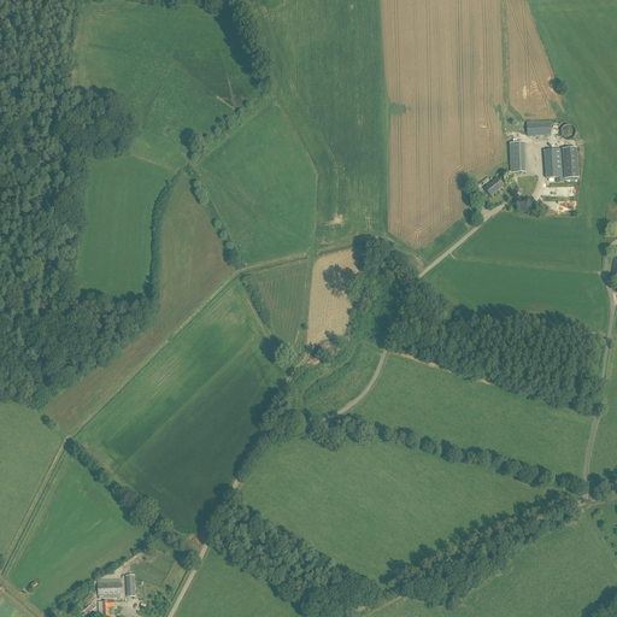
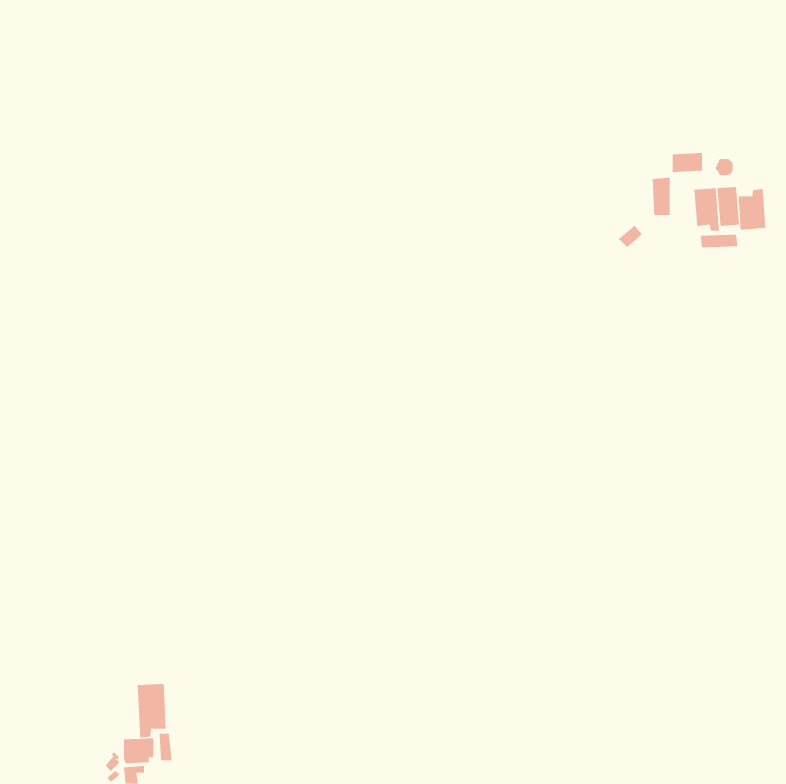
building: none -> [738,188,766,231]
building: none -> [137,683,166,739]

